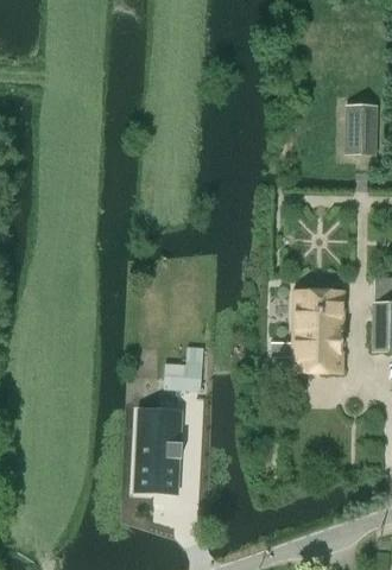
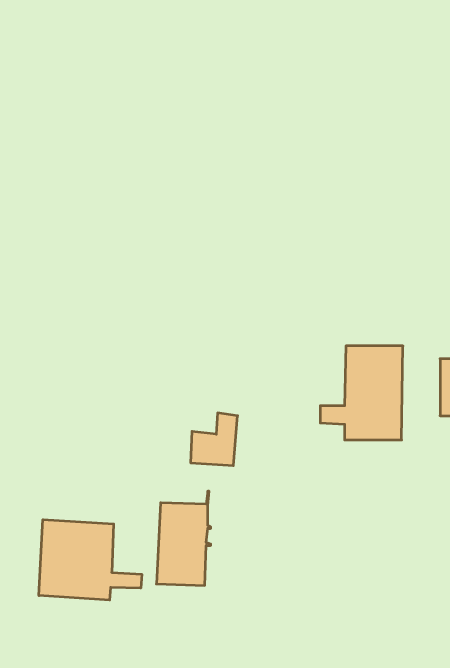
building: [343,104,374,152] -> none
building: none -> [39,520,142,600]

